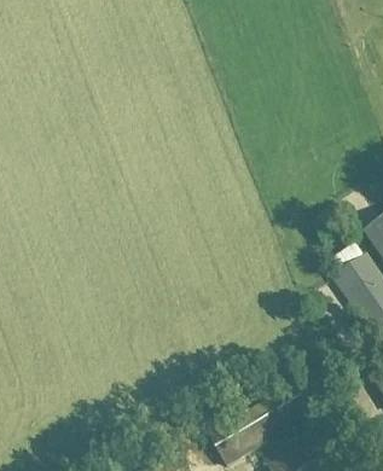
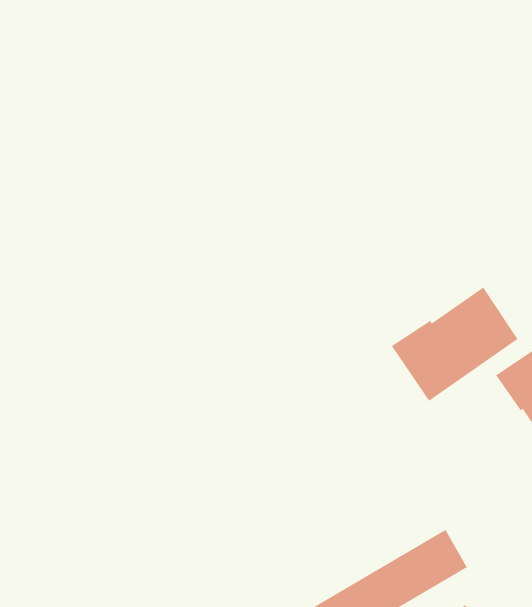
building: none -> [391,286,519,402]

